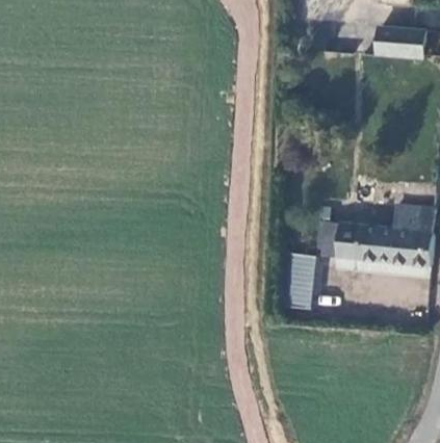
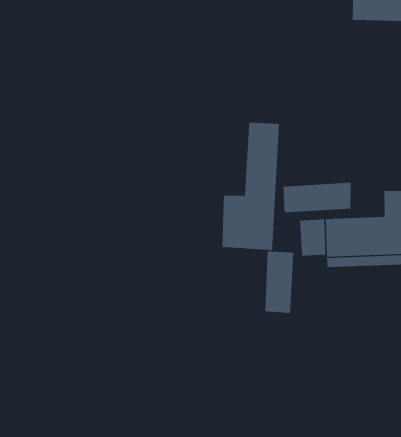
building: none -> [221,122,280,251]
building: none -> [283,182,352,213]

